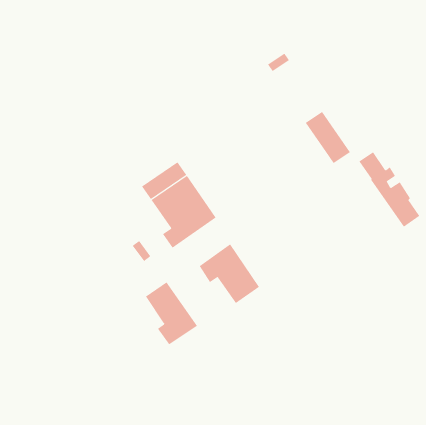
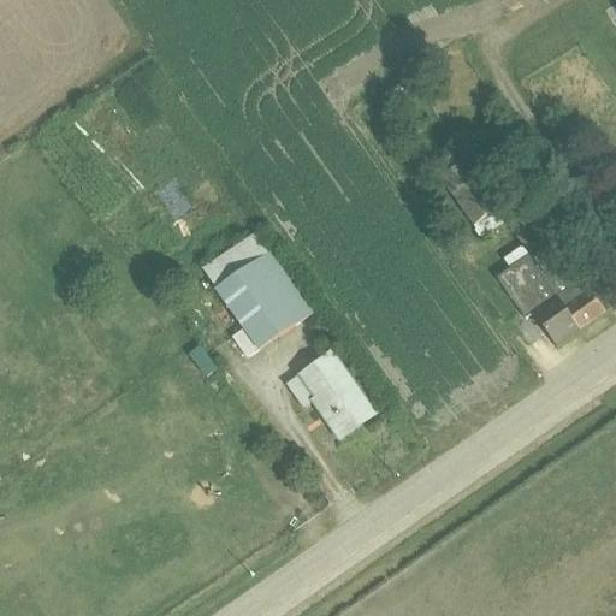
building: none -> [497,247,581,345]
building: [145,281,198,345] -> none

